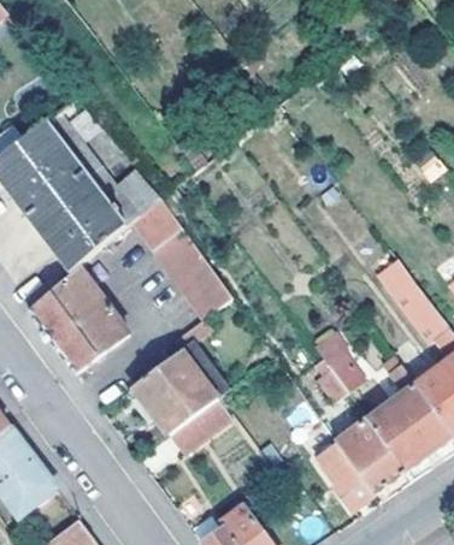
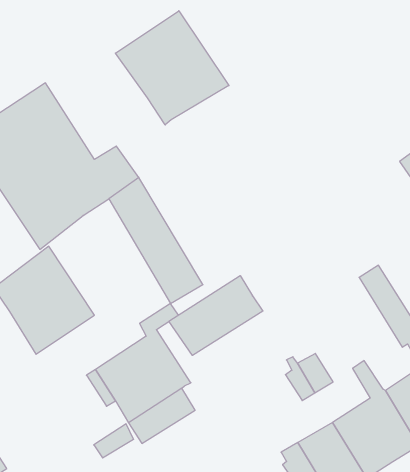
building: none -> [115,11,229,125]
building: none -> [169,276,263,355]

